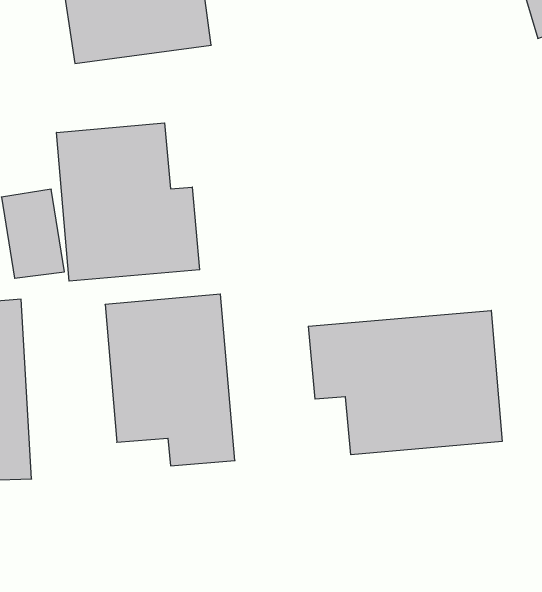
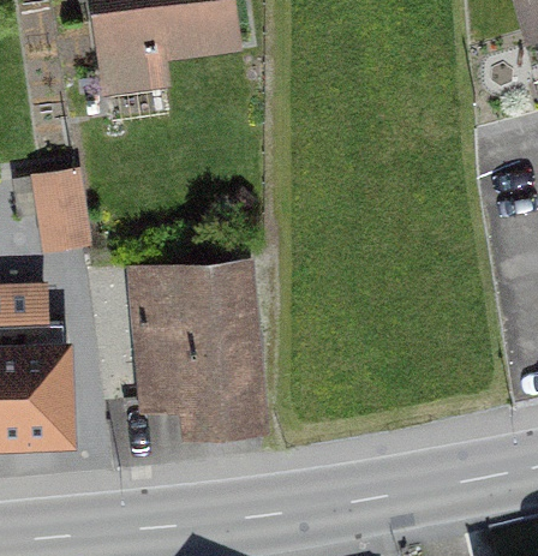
building: [57,123,200,281] -> none
building: [308,310,502,455] -> none

